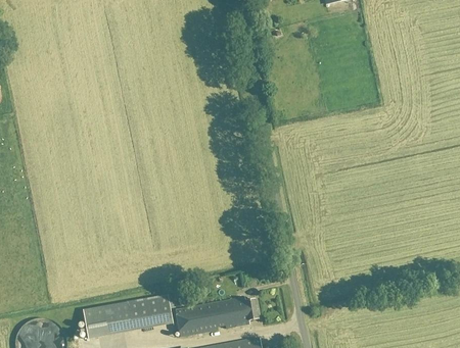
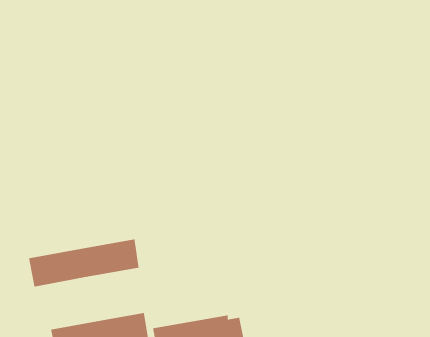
building: none -> [28,238,139,287]

